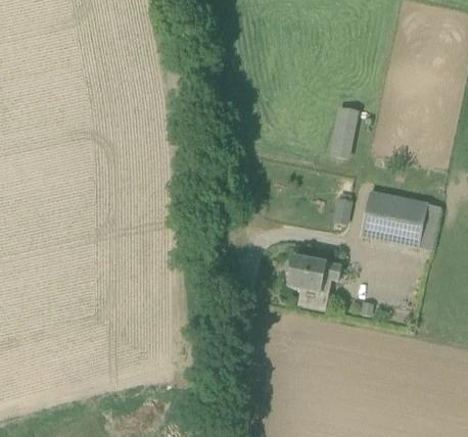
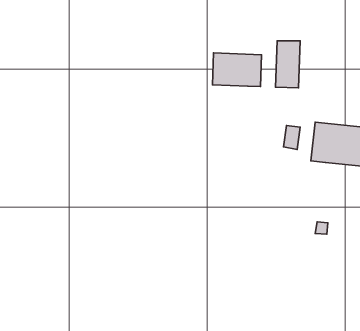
building: none -> [213,53,262,86]
building: [287,253,339,307] -> none

